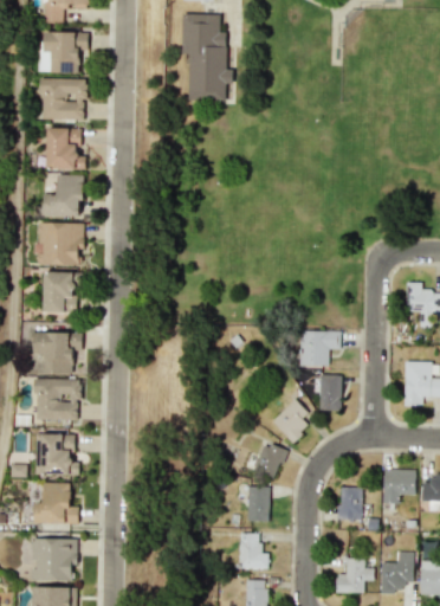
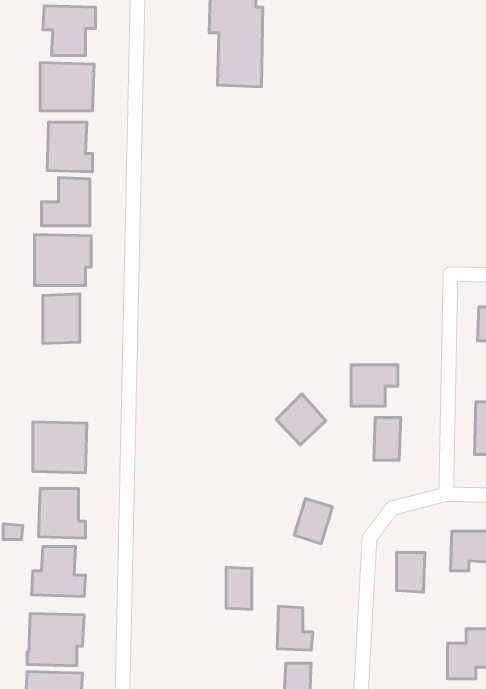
building: [32,333,83,374] -> none
building: [272,400,313,443] -> [276,394,326,445]
building: [247,486,268,522] -> [226,567,252,610]
building: [336,559,374,593] -> none

